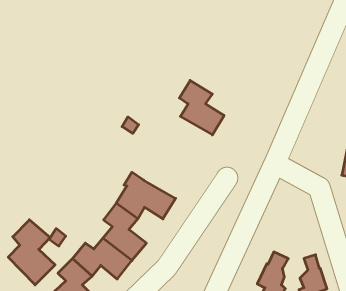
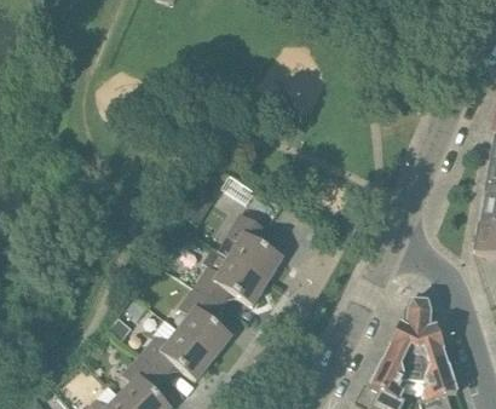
building: [179,80,224,135] -> [227,213,283,281]
building: none -> [390,300,444,380]
building: [8,220,55,285] -> none

